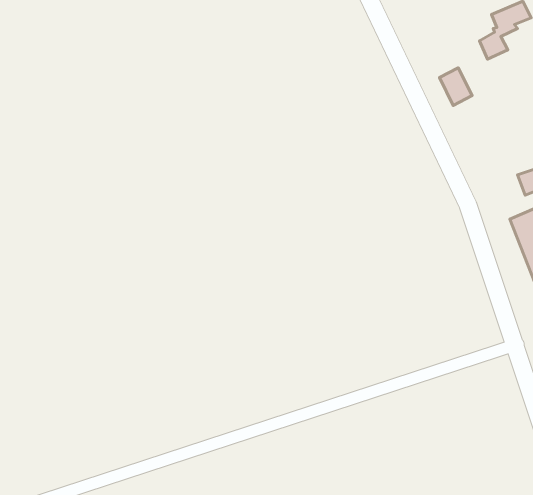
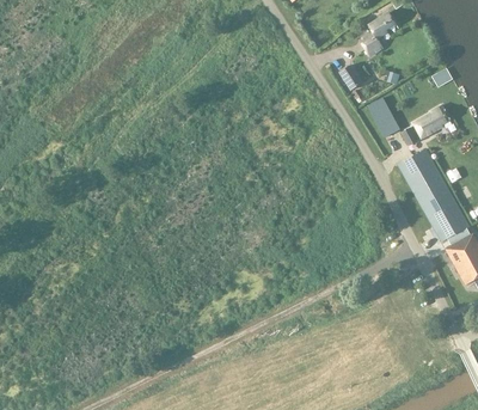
building: none -> [368,98,400,137]

